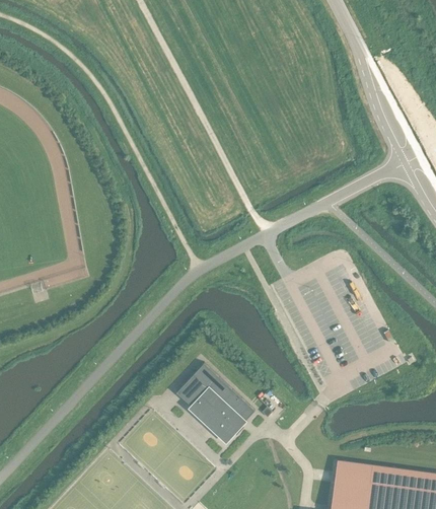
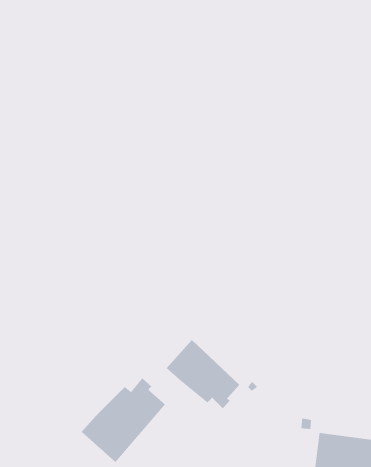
building: none -> [81,378,166,463]

